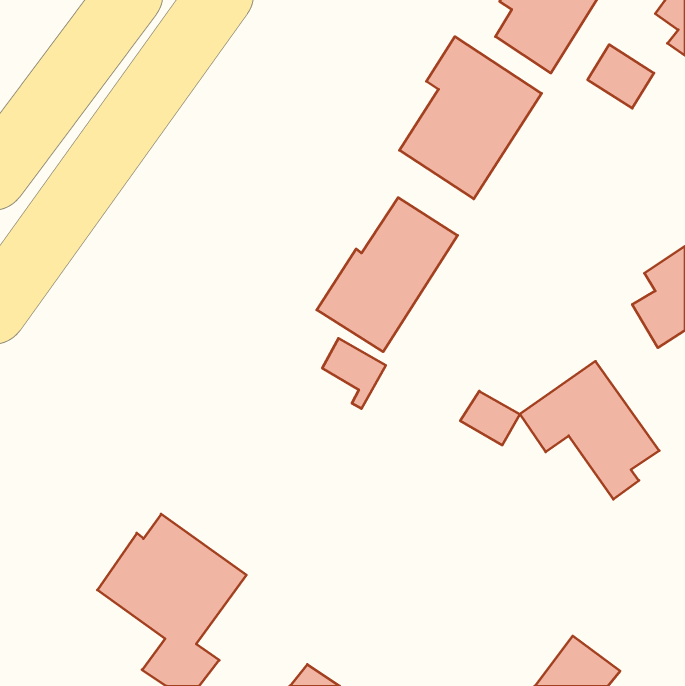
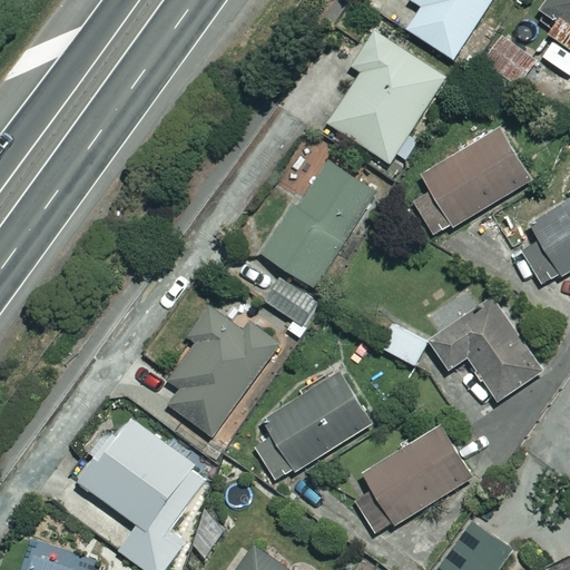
building: none -> [412,128,529,237]
building: none -> [169,306,272,435]
building: none -> [264,373,371,472]
building: none -> [353,424,471,535]

